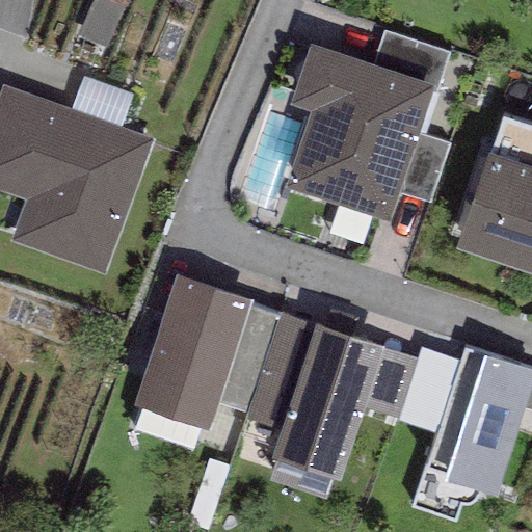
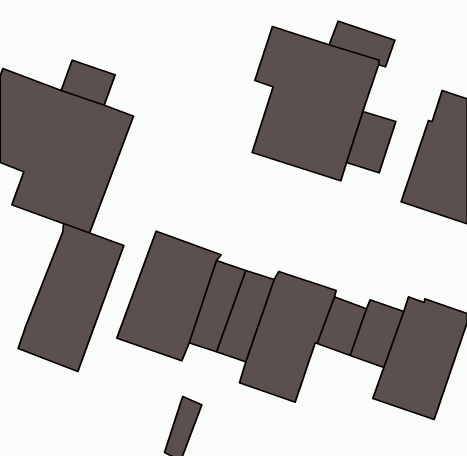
building: none -> [18,223,124,372]

